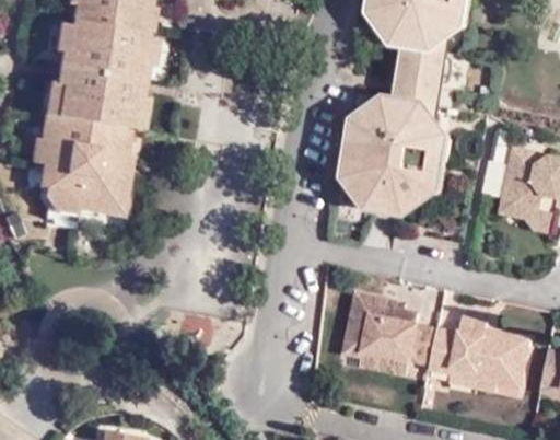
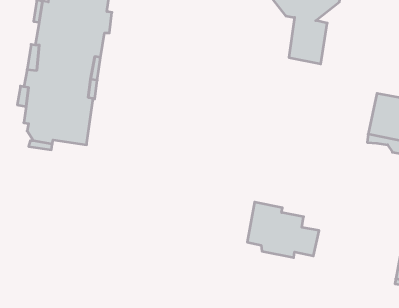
building: [341,96,446,217] -> none
building: [427,313,528,392] -> none

